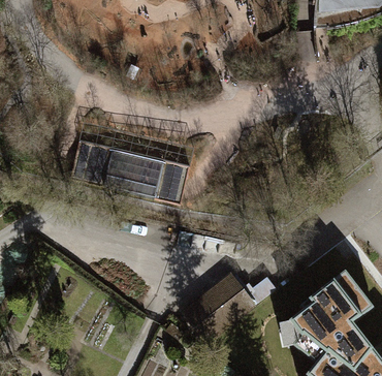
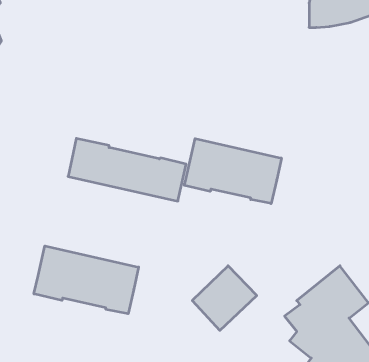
building: none -> [184,139,281,204]
building: none -> [34,246,139,314]

